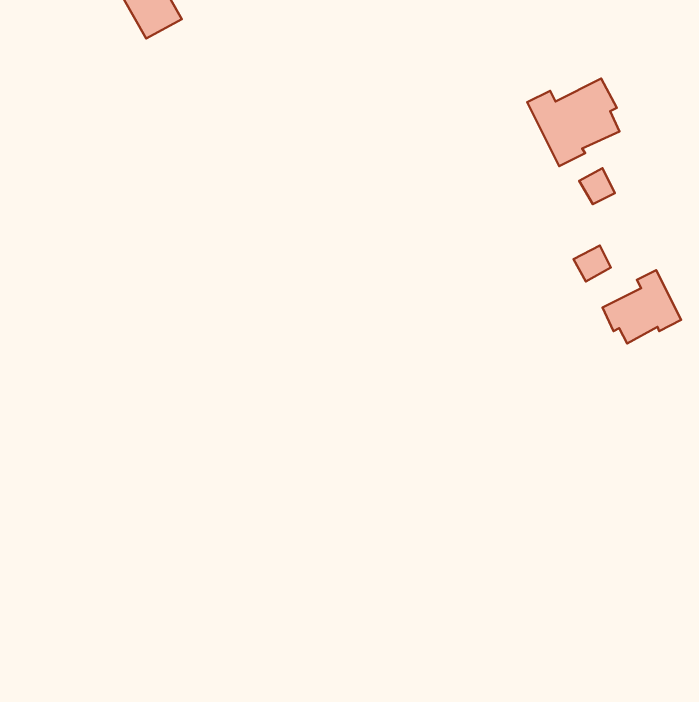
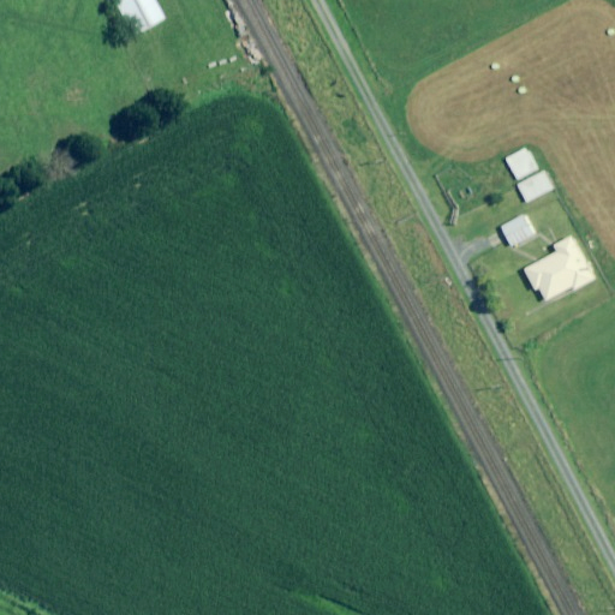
building: [527,78,620,166] -> none
building: none -> [517,169,553,201]

